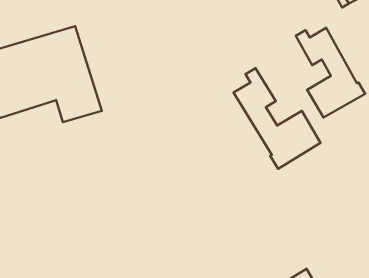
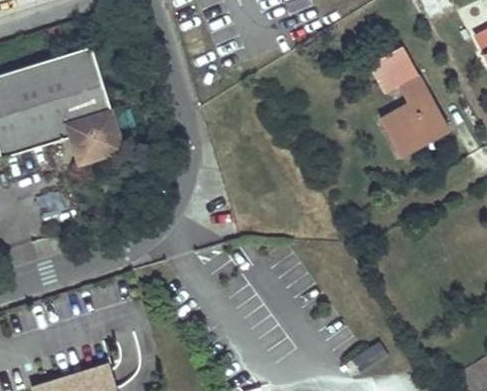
building: [233,68,321,169] -> none

